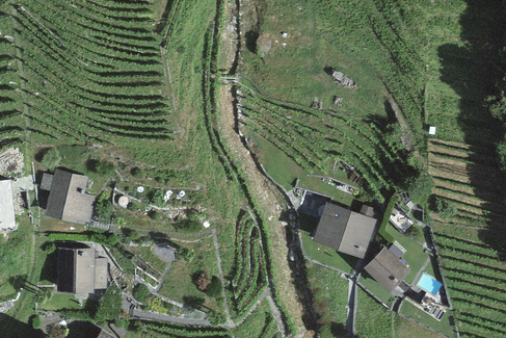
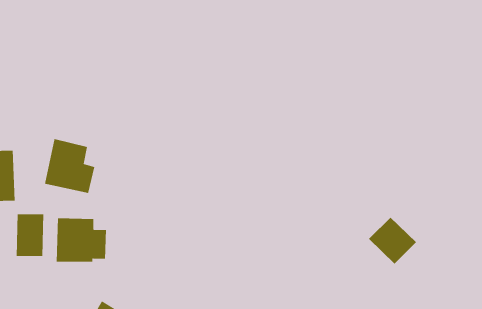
building: [312,202,375,257] -> none
building: none -> [16,213,44,257]

